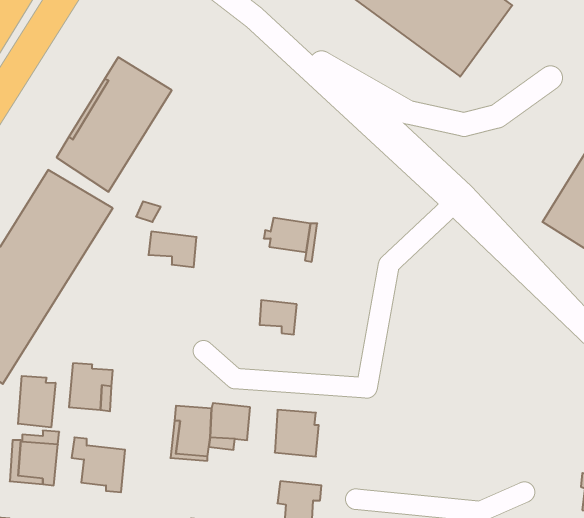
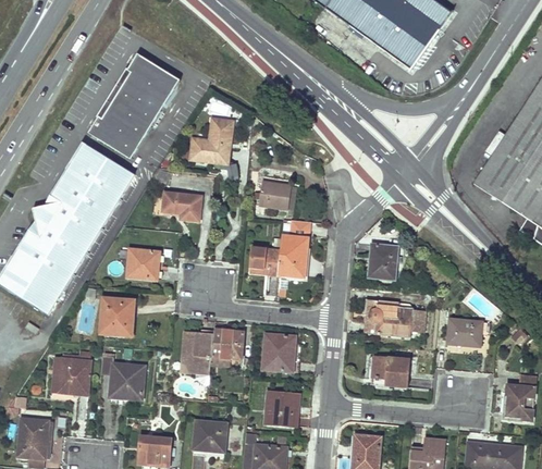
building: none -> [189,118,233,163]
building: none -> [278,220,309,277]
building: none -> [369,244,397,280]
building: none -> [126,249,159,280]
building: none -> [364,299,411,336]
building: [18,376,55,427] -> none
building: none -> [446,319,481,345]
building: none -> [372,356,409,387]

